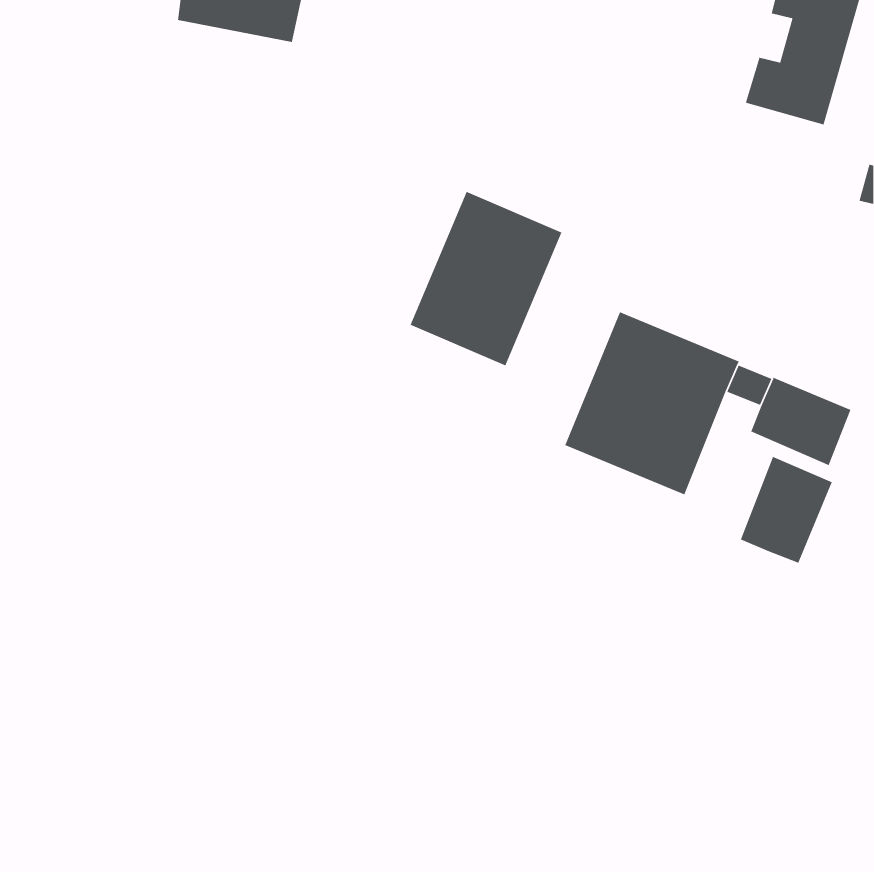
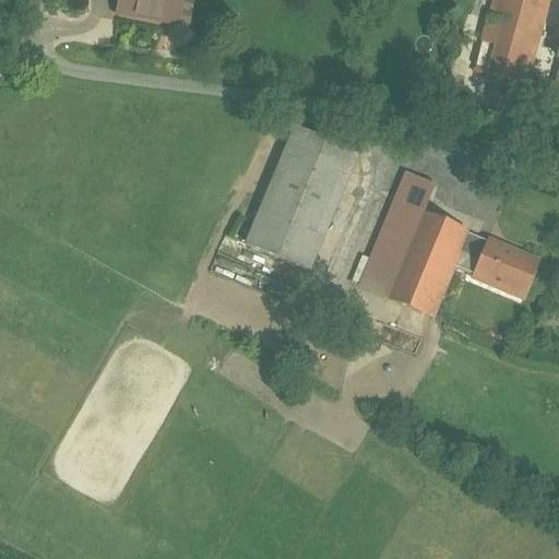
building: none -> [393,168,437,211]
building: none -> [246,206,321,265]
building: [740,456,833,564] -> none

